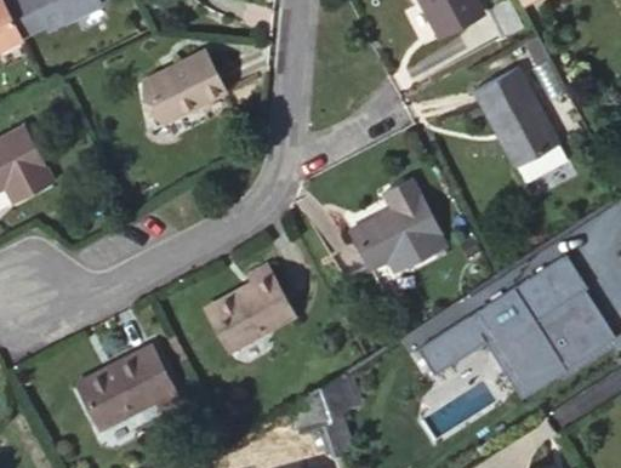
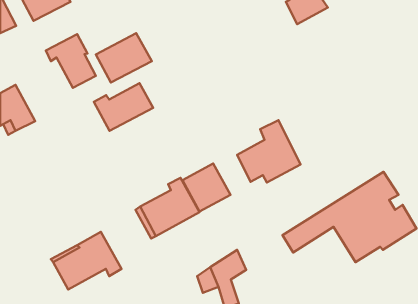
building: none -> [46,34,96,88]
building: [472,67,568,183] -> none
building: none -> [94,83,153,131]
building: none -> [183,164,231,211]

